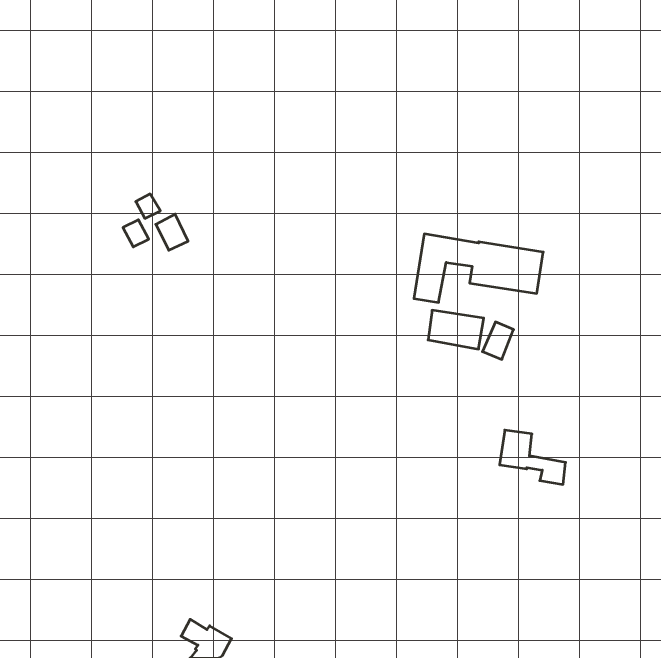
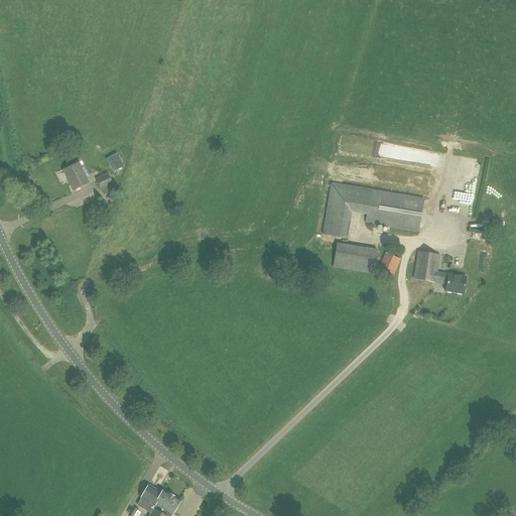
building: [156,214,188,250] -> [63,160,89,188]
building: [500,430,566,484] -> [414,250,466,292]

